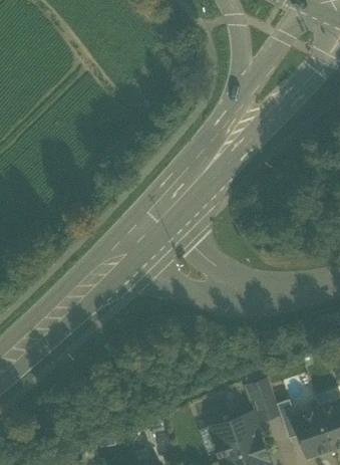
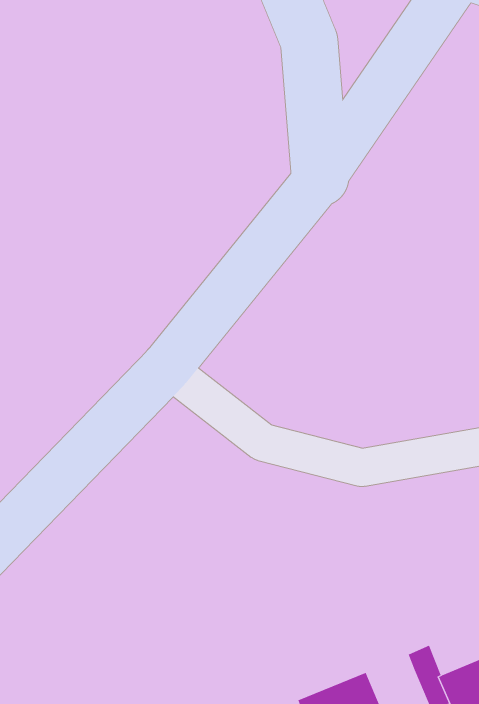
building: [246,380,279,421] -> none

